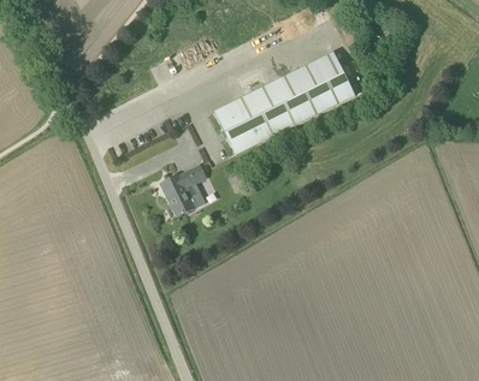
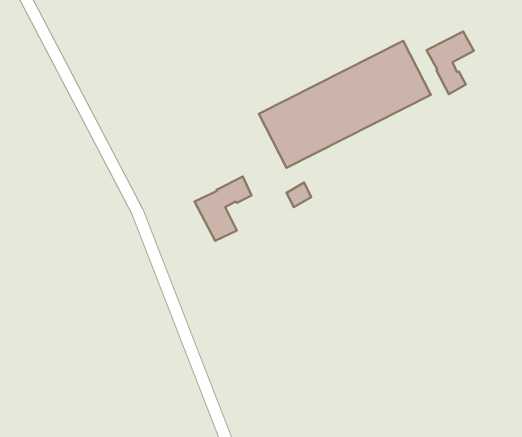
building: none -> [427,32,474,94]

